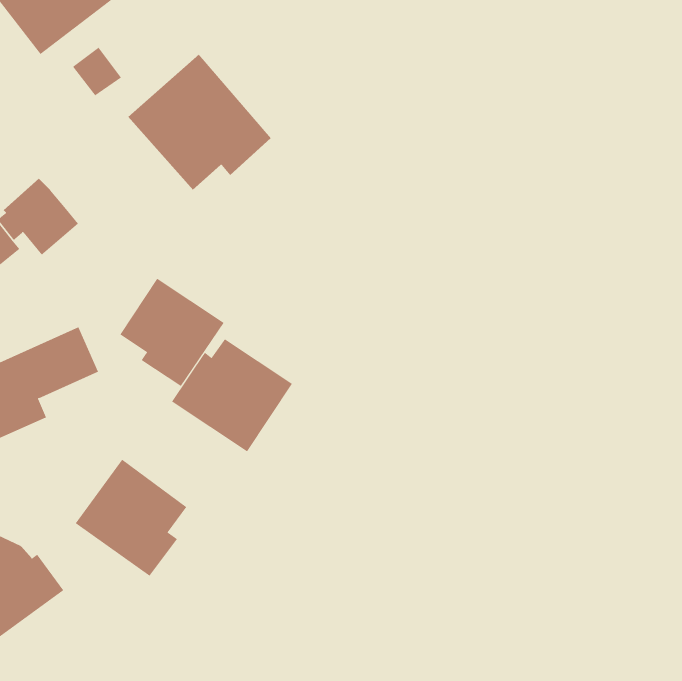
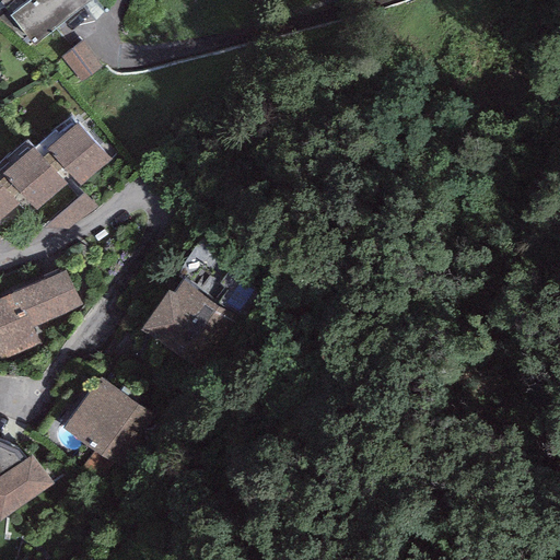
building: [128,54,272,190] -> none
building: none -> [42,120,109,184]
building: [119,278,225,387] -> none

